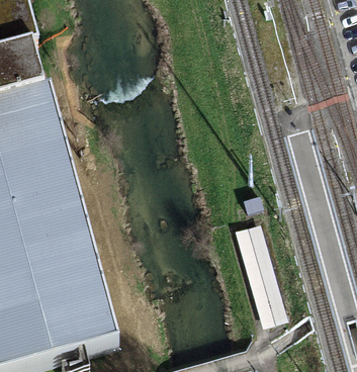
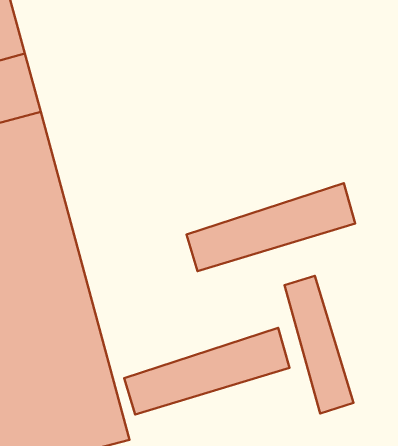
building: none -> [187,183,355,271]
building: none -> [124,328,290,415]

